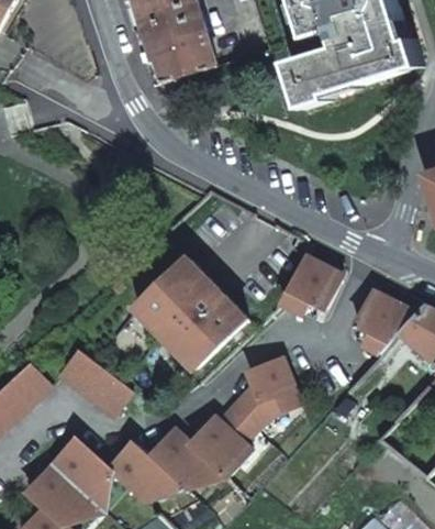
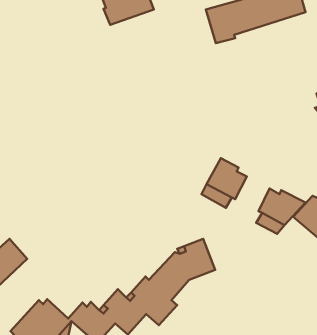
building: [136,262,249,374] -> none
building: [58,348,131,415] -> none

